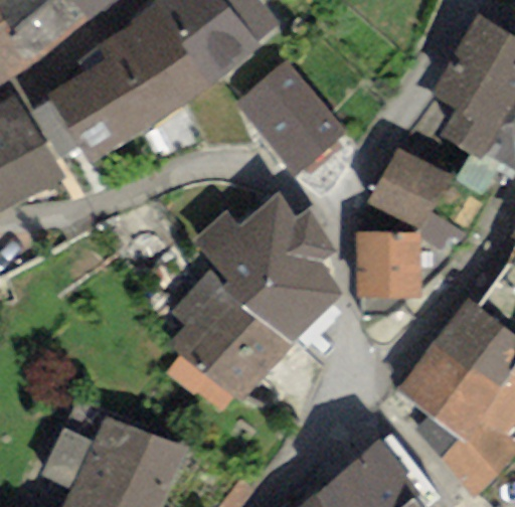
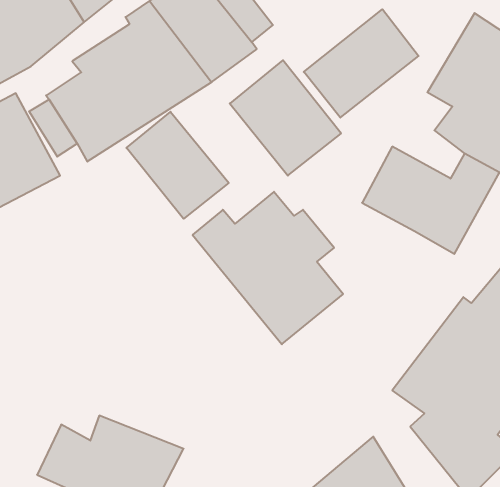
building: none -> [304,9,419,118]
building: none -> [126,112,229,219]
building: [354,231,419,296] -> none
building: [169,263,286,400] -> none

